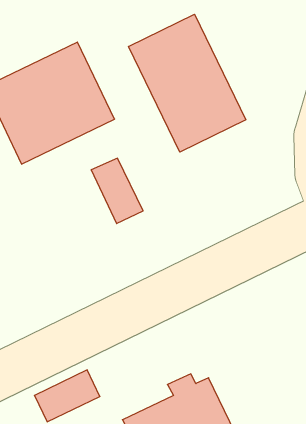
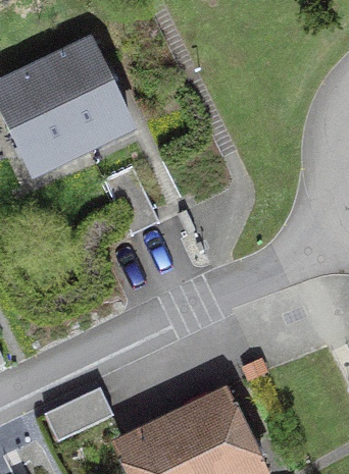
building: [129,14,246,152] -> none

